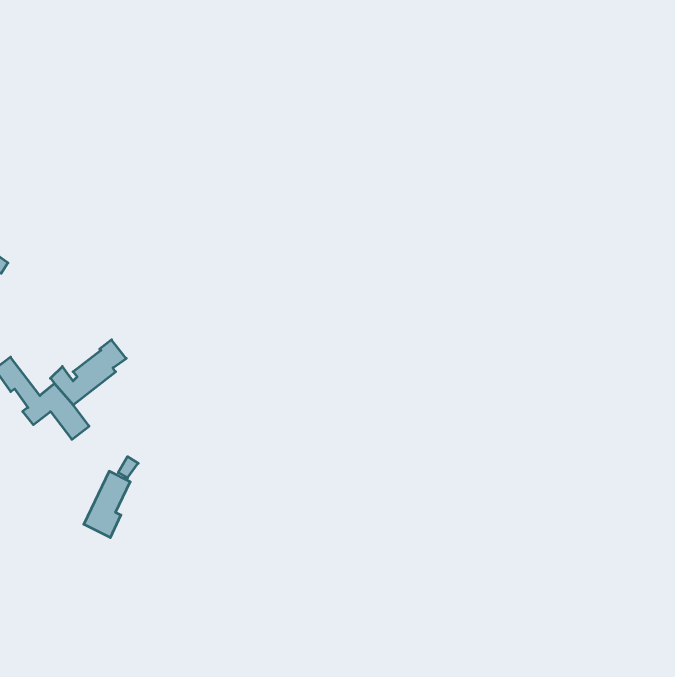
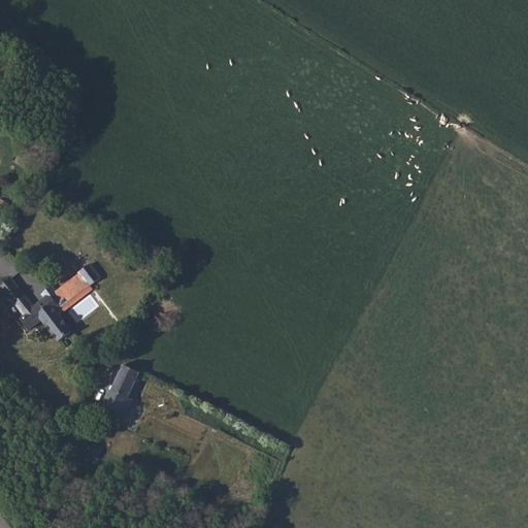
building: [84,471,130,538] -> [101,366,137,418]

